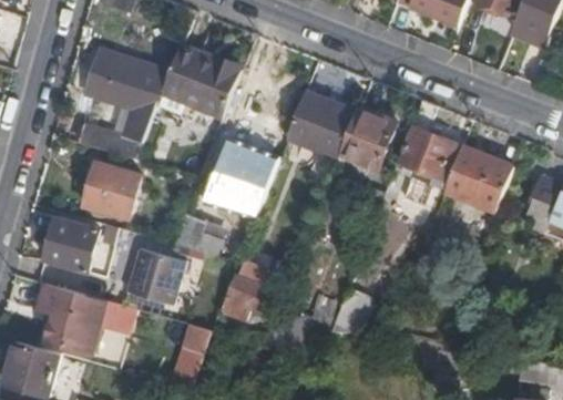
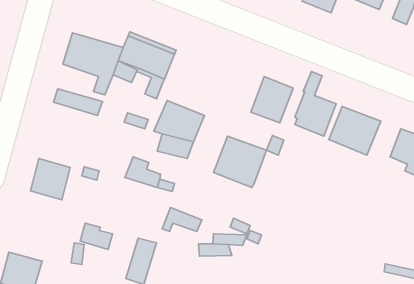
building: [284,91,355,160] -> [214,136,267,187]
building: [81,161,140,217] -> none
building: [124,252,181,305] -> none
building: [53,287,105,352] -> none

